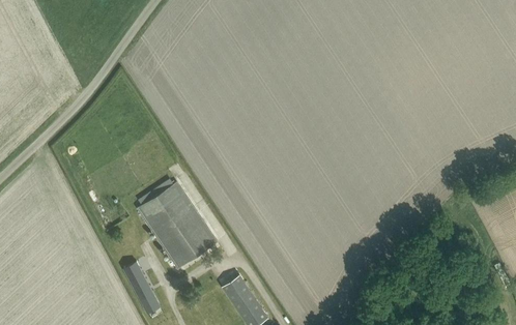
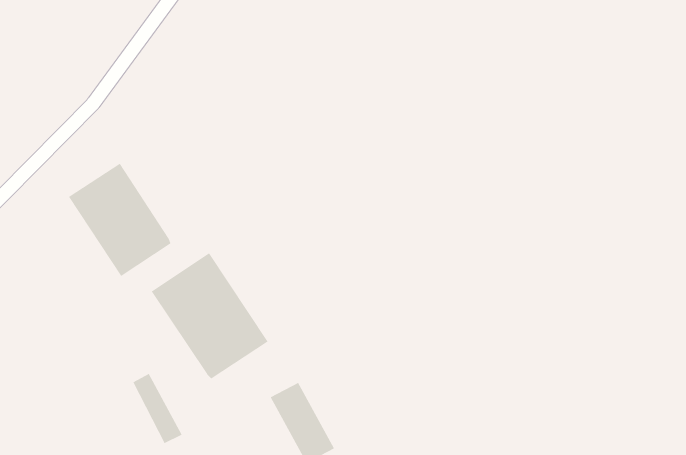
building: none -> [68,163,171,277]

